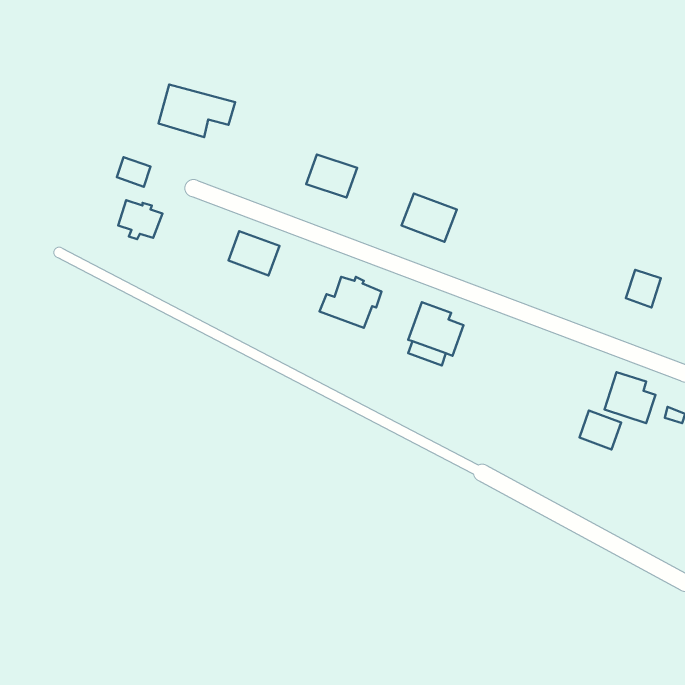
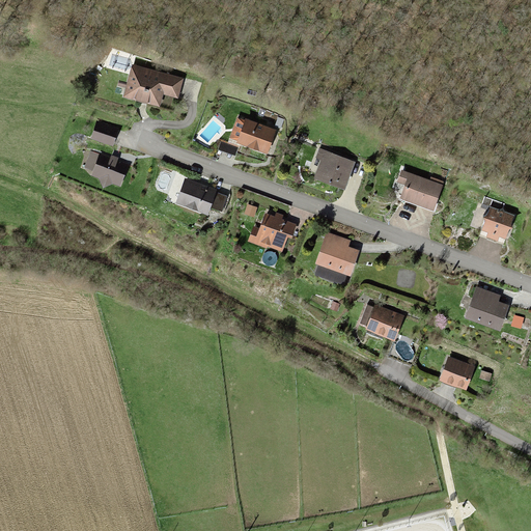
building: none -> [396,170,442,208]
building: none -> [367,306,403,339]
building: [579,411,621,450] -> [442,358,474,388]

